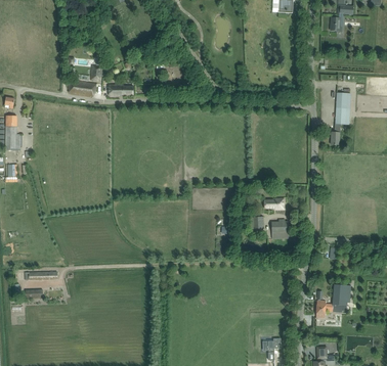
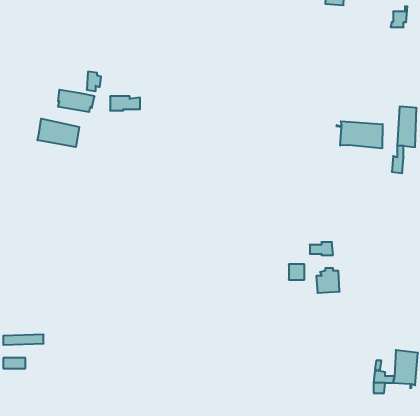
building: none -> [37,119,79,147]
building: none -> [337,121,383,148]

